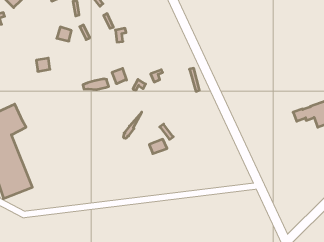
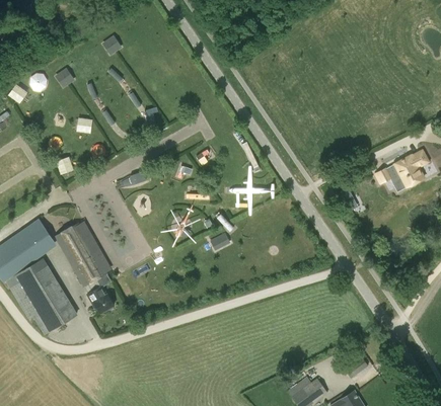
building: none -> [56,221,115,313]

